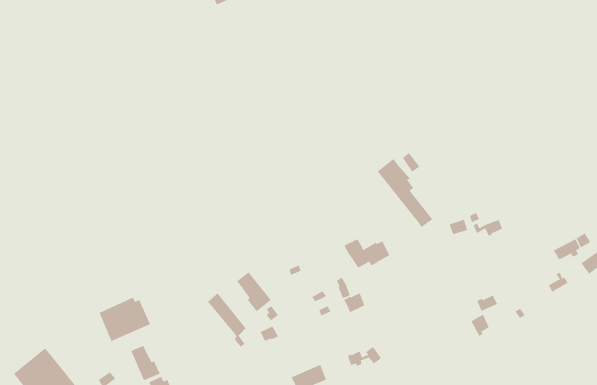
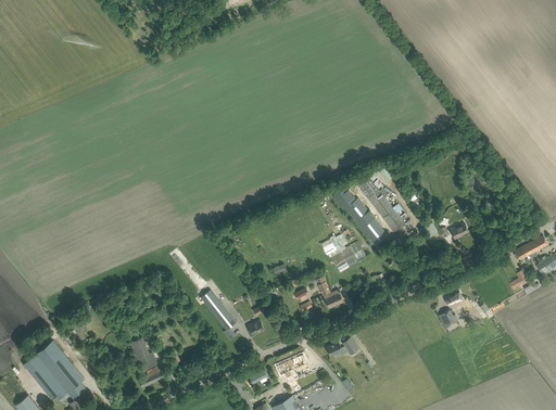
building: none -> [333,184,387,244]
building: [237,272,271,312] -> none
building: [99,297,151,342] -> none

